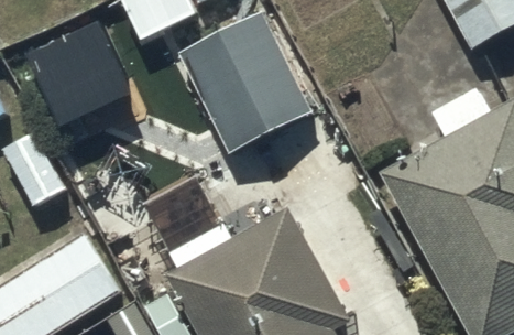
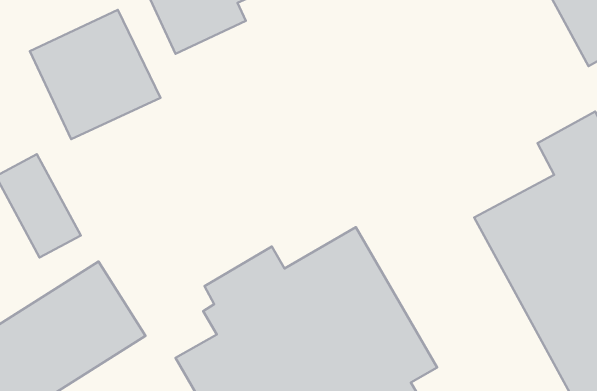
building: [184,26,316,166] -> none

